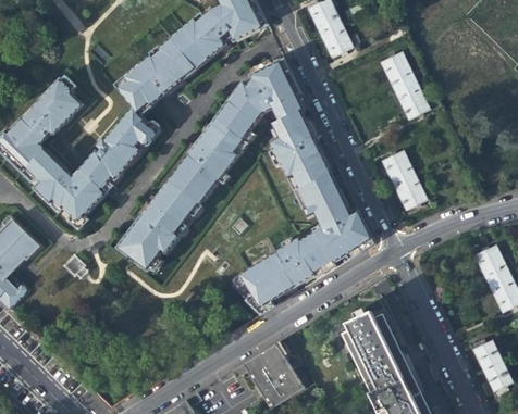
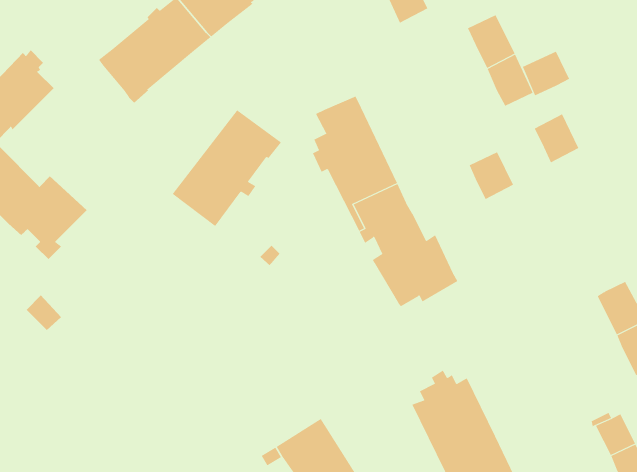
building: [214,59,303,143] -> none
building: none -> [522,51,570,96]
building: [79,106,159,192] -> none
building: [394,174,427,210] -> [534,114,579,163]
building: [116,180,201,271] -> none
building: [233,230,334,313] -> none

